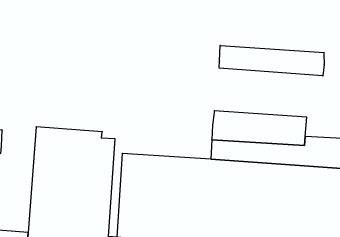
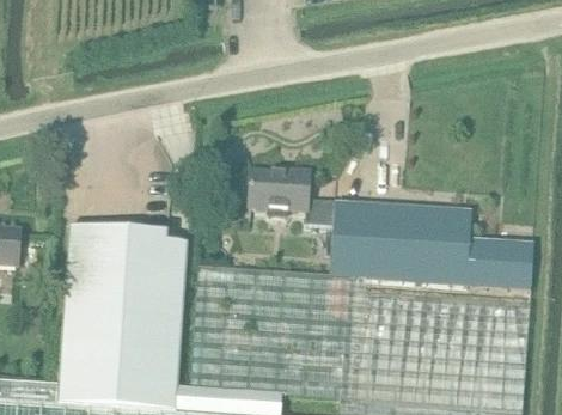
building: [219,45,324,76] -> none
building: none -> [248,171,334,227]

